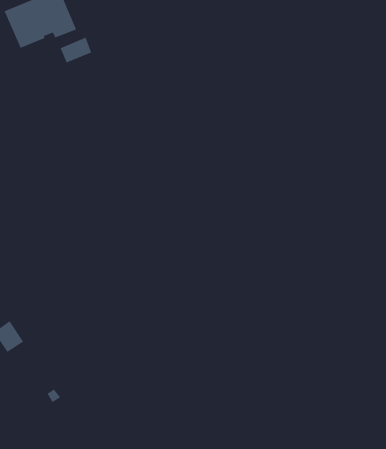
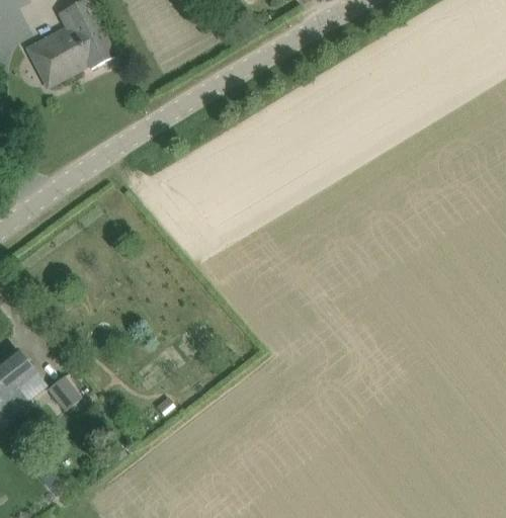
building: [59,37,92,63] -> none

